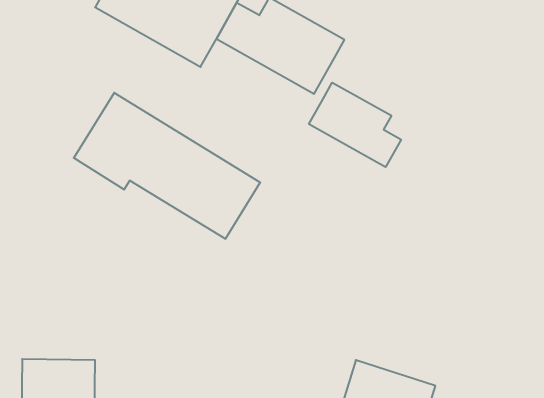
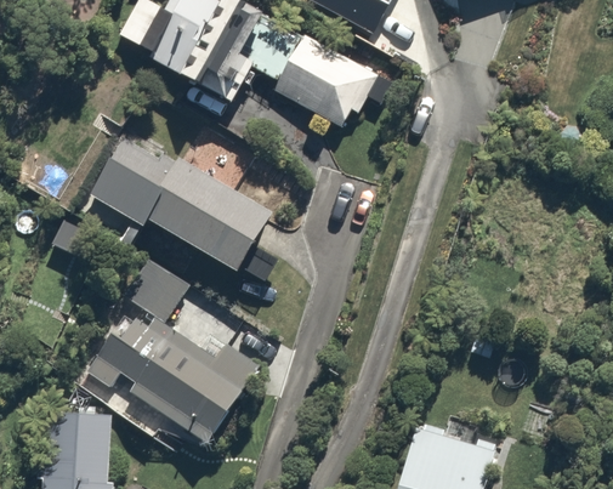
building: [309,83,401,167] -> none
building: none -> [73,267,276,453]

